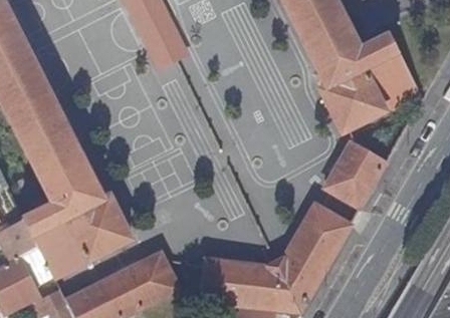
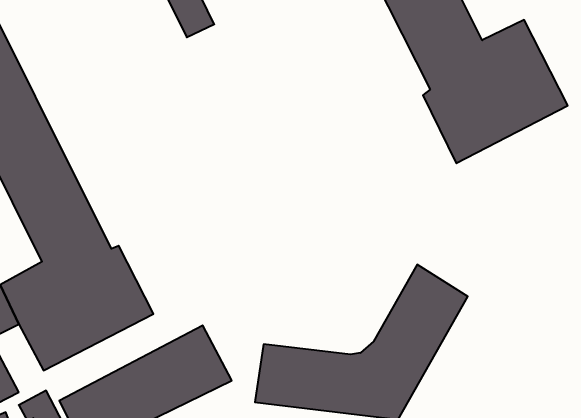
building: [322,140,387,207] -> none

